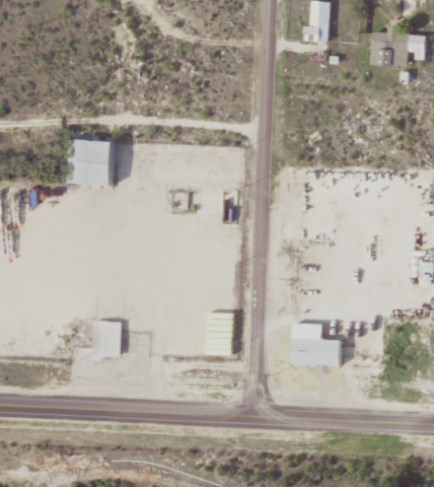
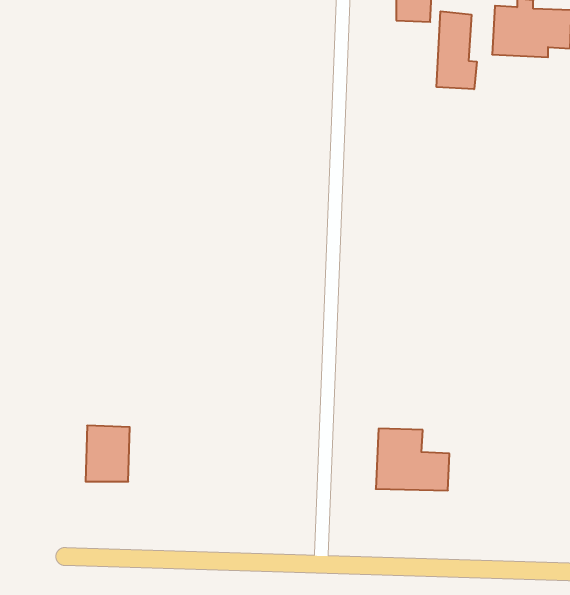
building: none -> [437,11,477,89]
building: [62,140,114,185] -> none

